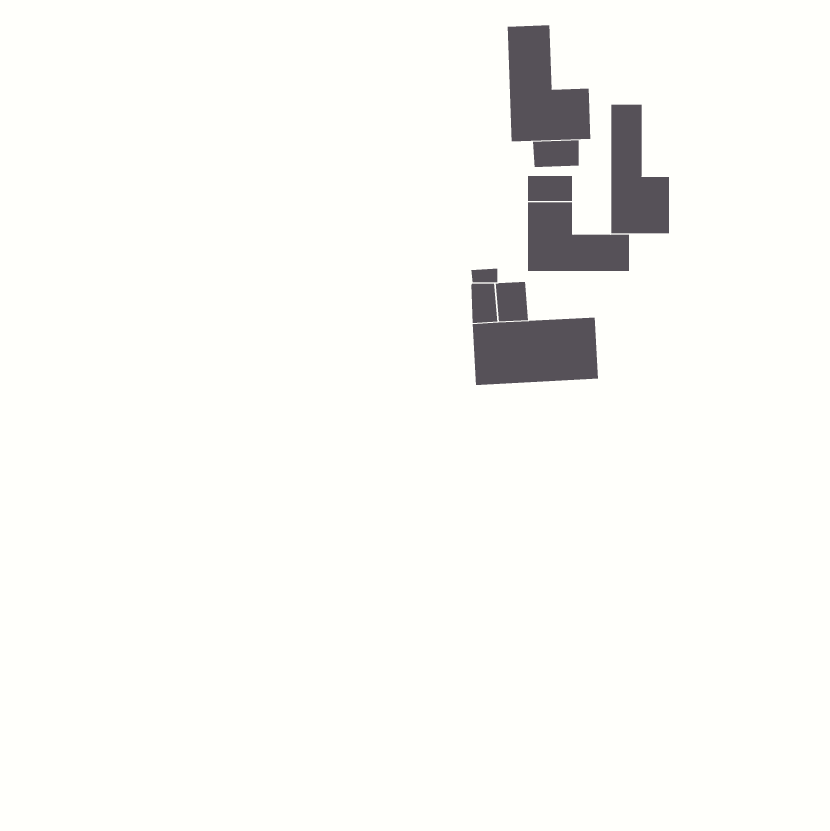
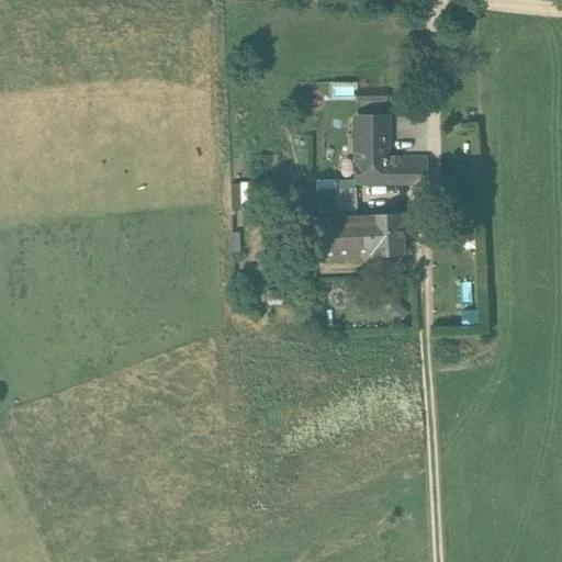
building: [507,25,591,142] -> none
building: [611,104,669,234] -> none

